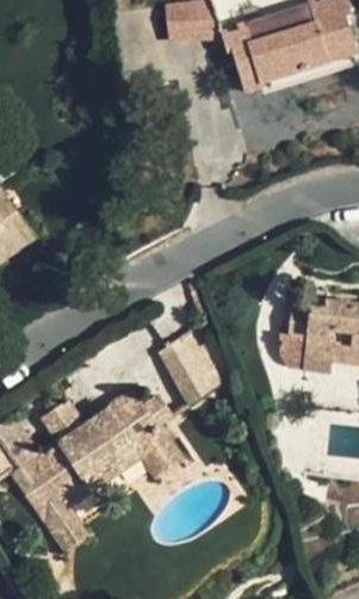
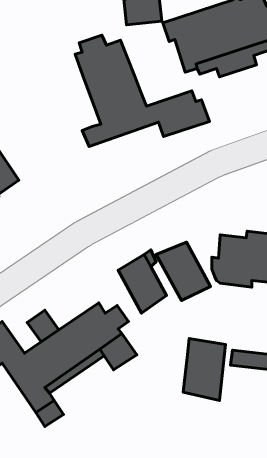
building: none -> [75,35,209,147]
building: none -> [156,242,211,301]
building: none -> [183,339,226,401]

